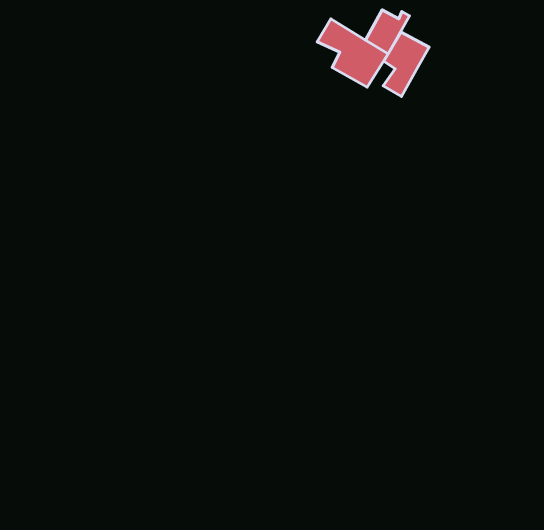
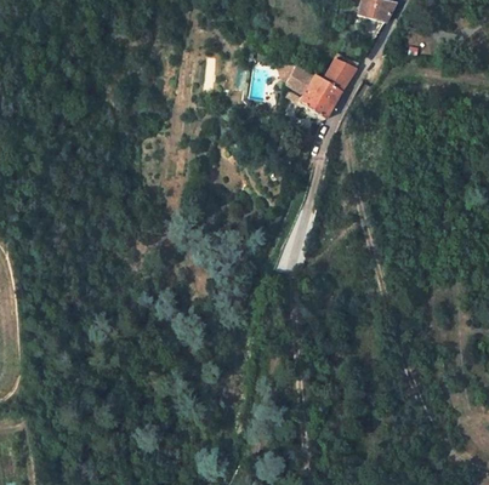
building: [383,32,429,96] -> none

